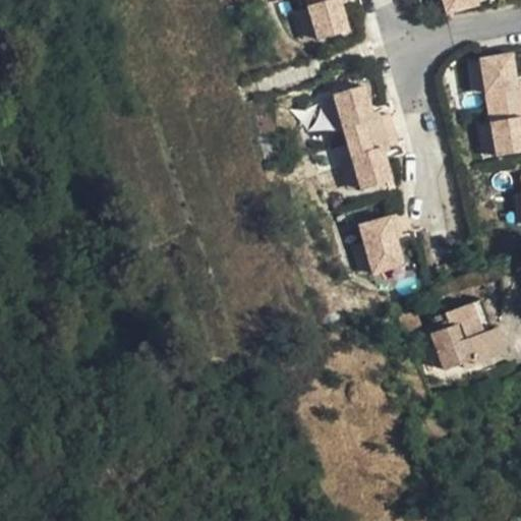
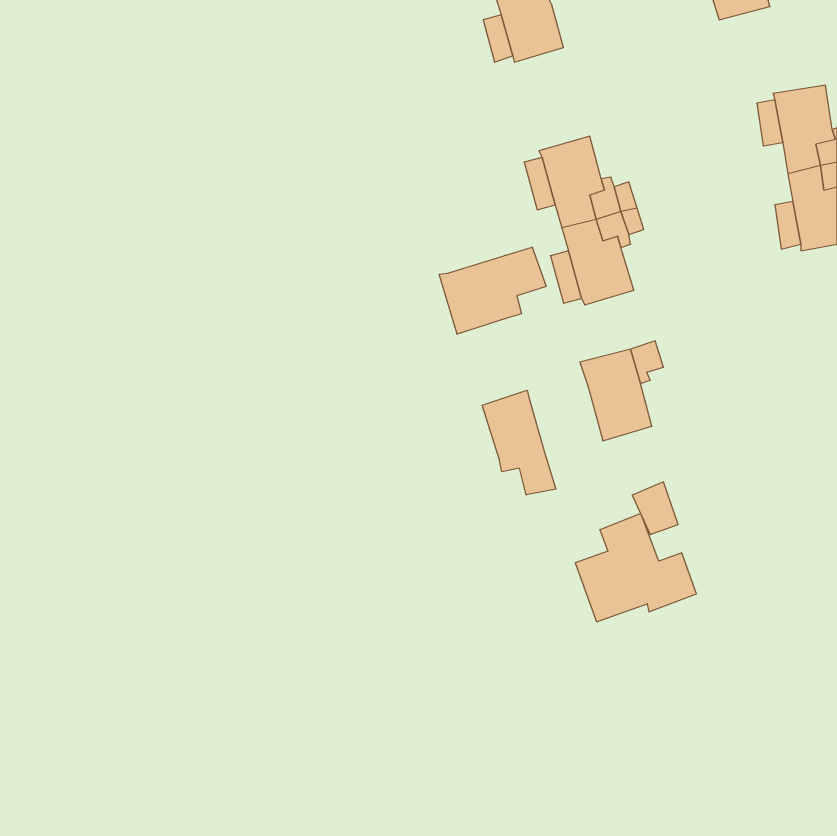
building: none -> [439,247,546,334]
building: none -> [482,390,556,495]
building: [430,302,506,369] -> [575,514,696,622]

